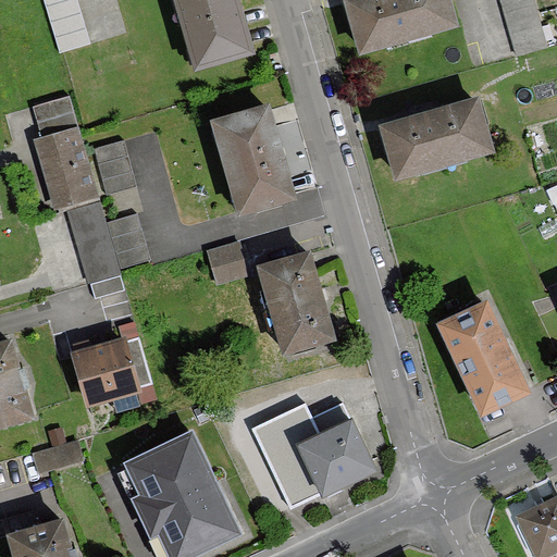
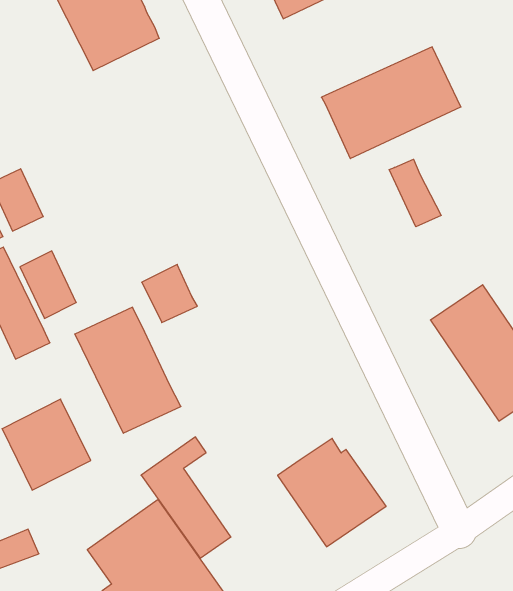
building: [209,104,294,215] -> none
building: none -> [389,159,441,227]
building: [257,251,334,354] -> [75,307,181,433]
building: [255,405,320,505] -> [141,437,231,558]

